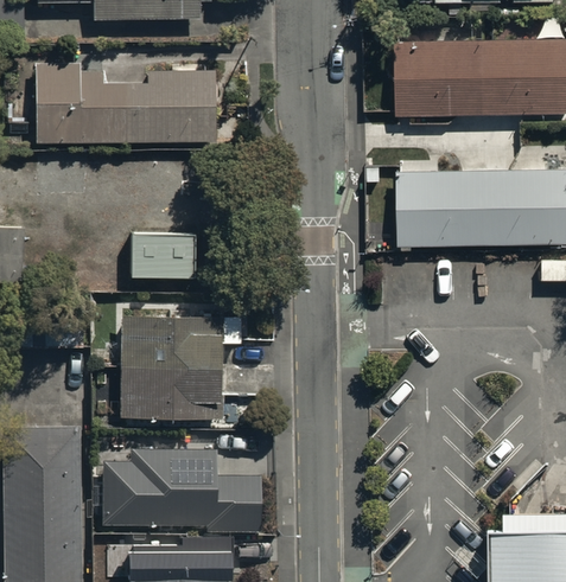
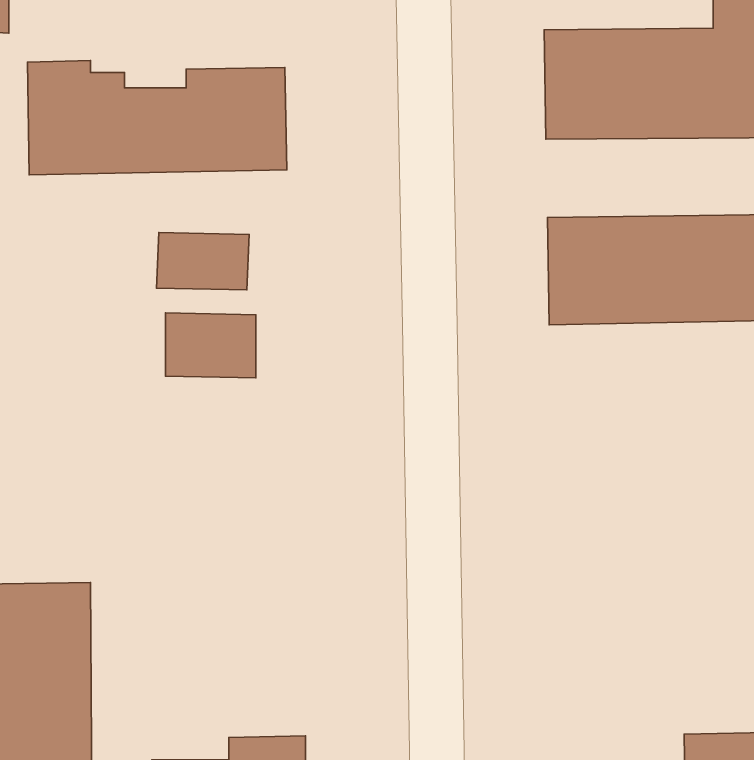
building: none -> [157,233,249,290]
building: [119,314,241,420] -> none
building: [103,448,260,531] -> none

